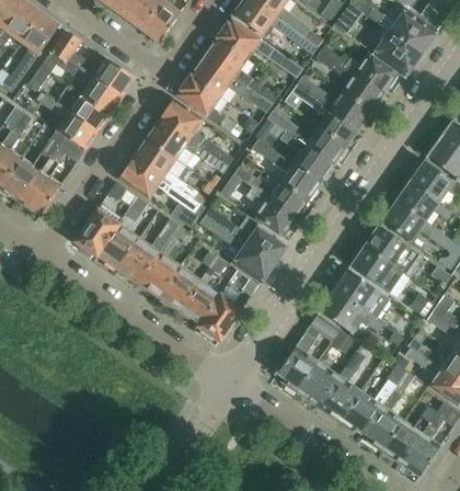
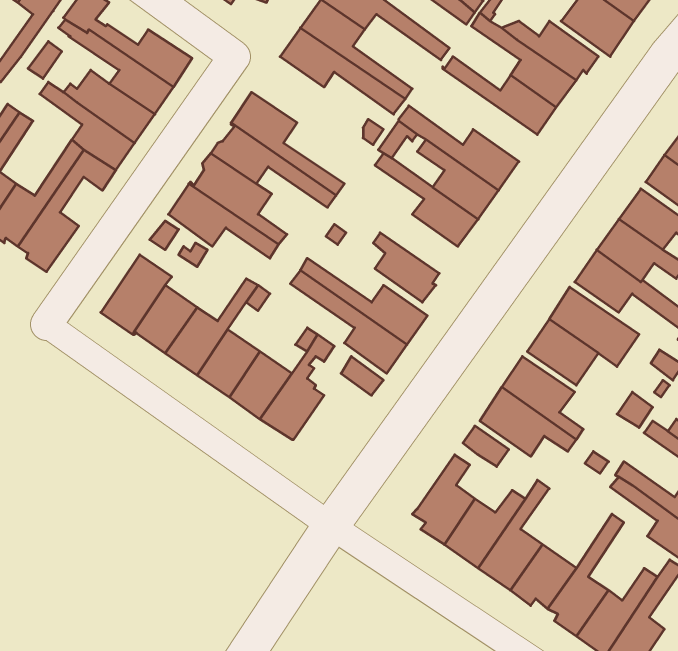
building: [176,75,235,133] -> none
building: [291,83,358,144] -> none
building: [234,164,307,216] -> none
building: [198,295,245,341] -> none

